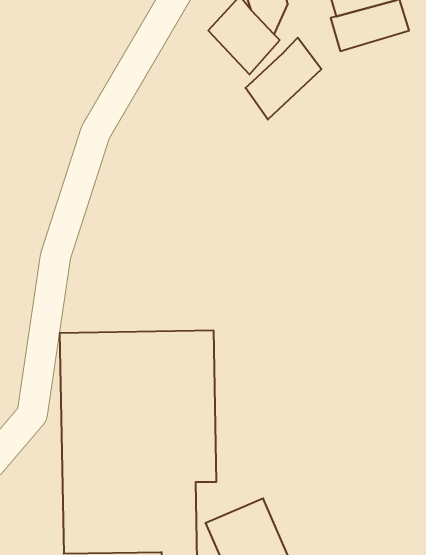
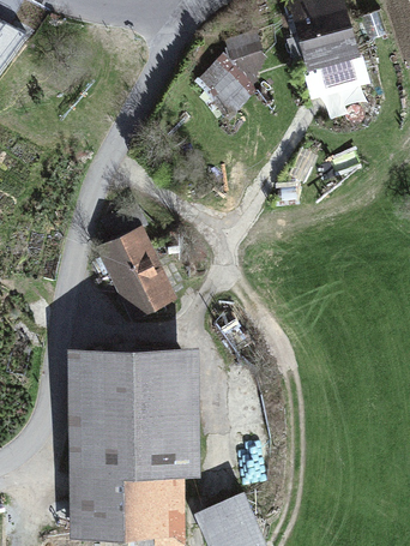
building: [245,38,321,120] -> none
building: none -> [92,204,179,325]

